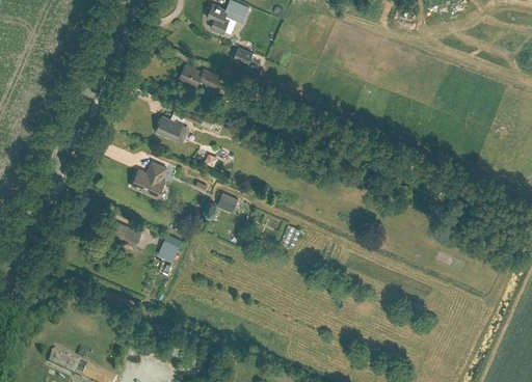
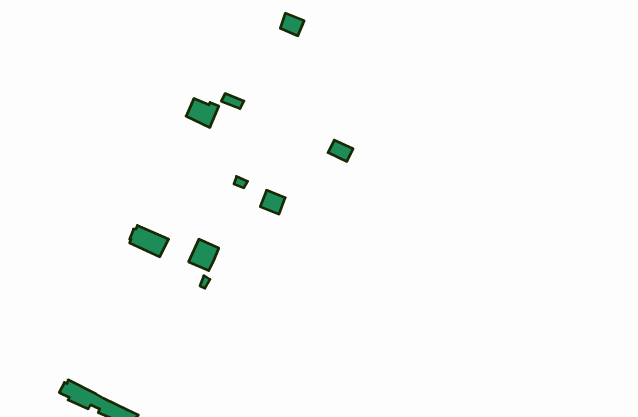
building: [179,64,221,88] -> none
building: [131,161,166,197] -> none

